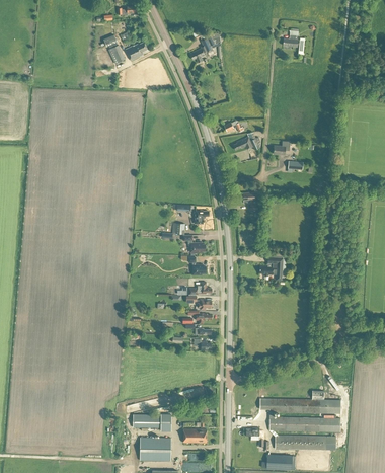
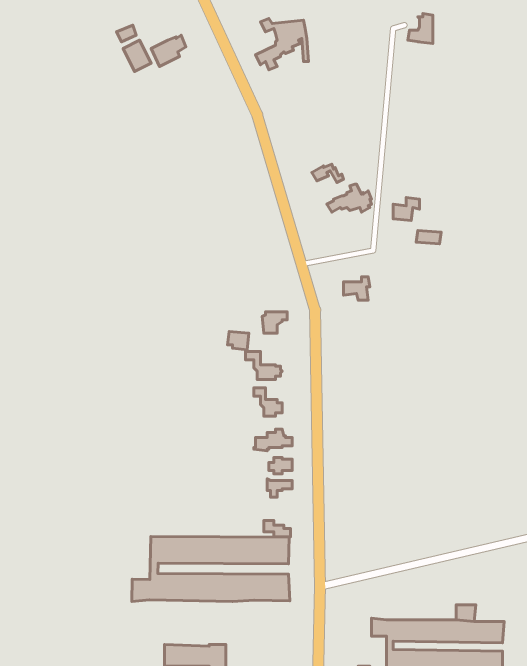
building: [258,252,285,281] -> none
building: none -> [132,536,290,602]

